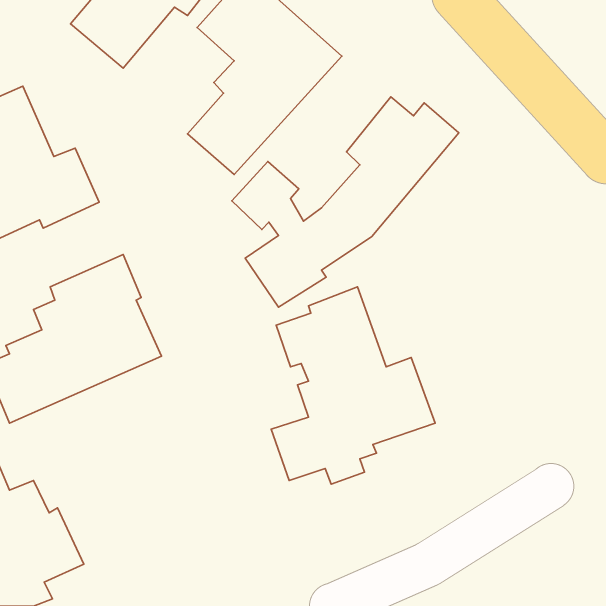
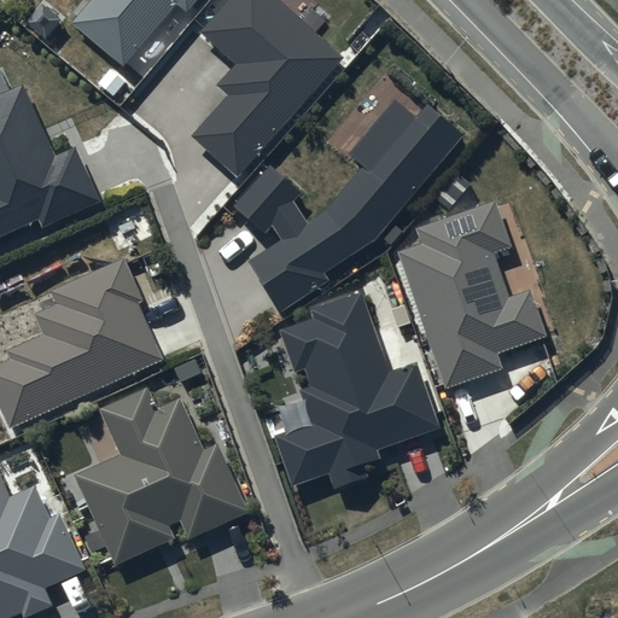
building: none -> [397,199,546,387]
building: none -> [74,385,249,564]

